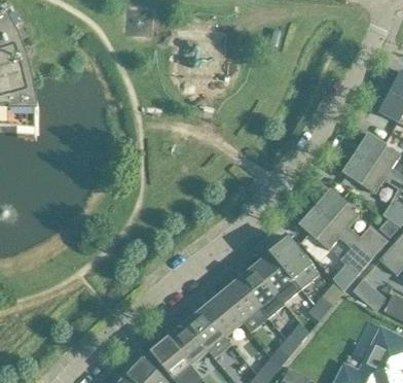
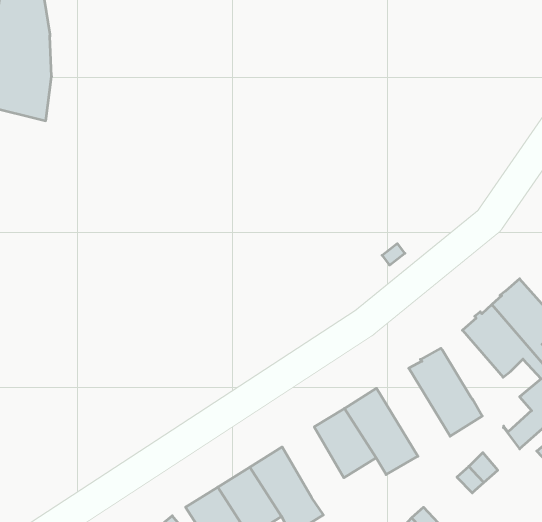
building: [254,250,301,302] -> none
building: [203,292,242,335] -> none

